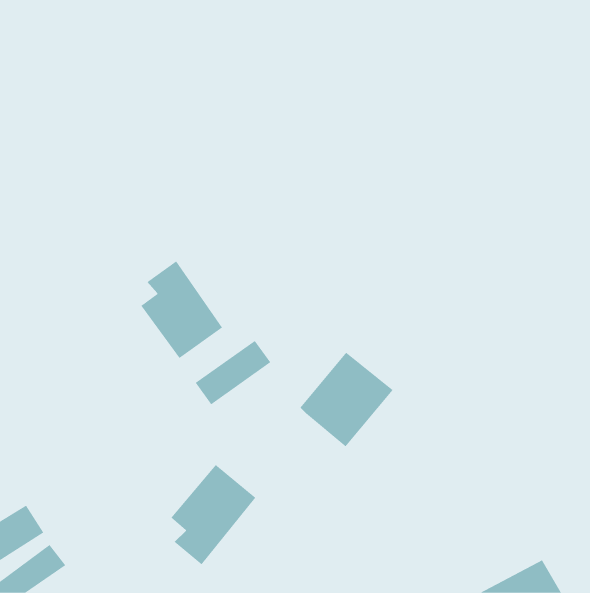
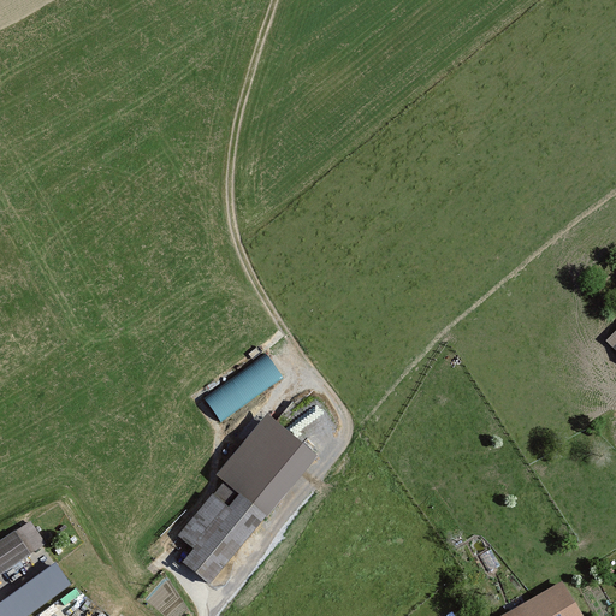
building: [141,261,223,359] -> none
building: [300,352,393,447] -> [218,417,315,516]

